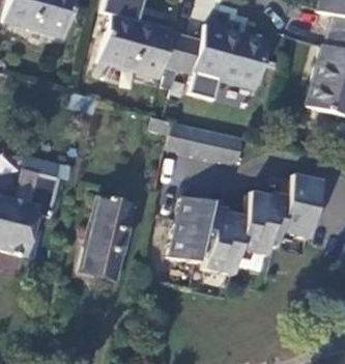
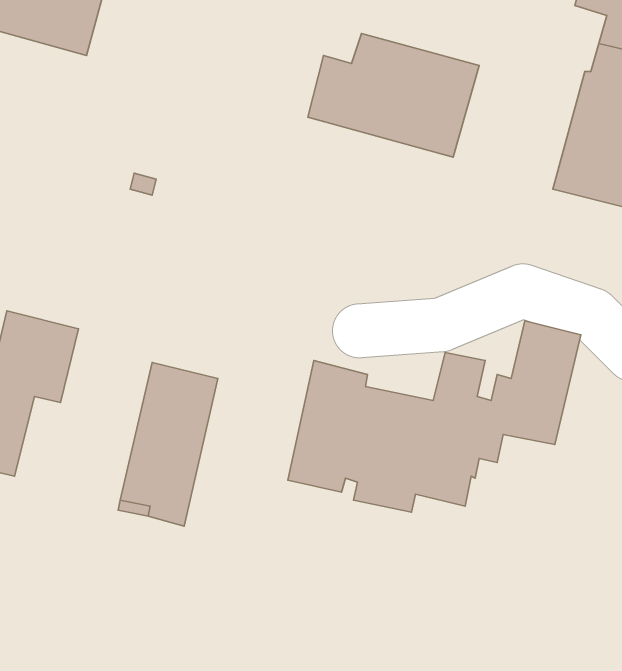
building: [98,12,186,77] -> none
building: [165,122,242,165] -> none

